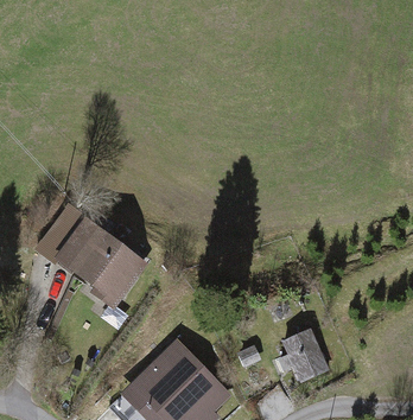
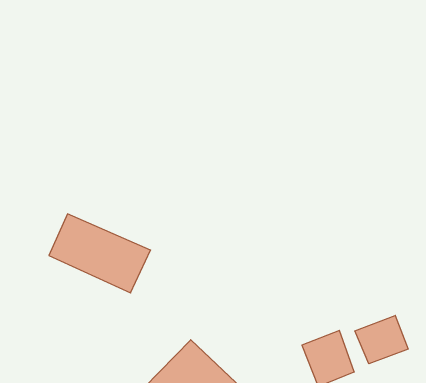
building: none -> [355,315,408,364]

